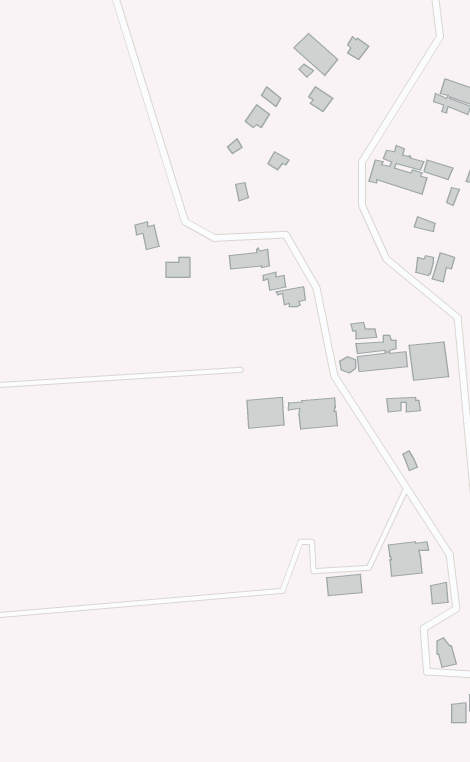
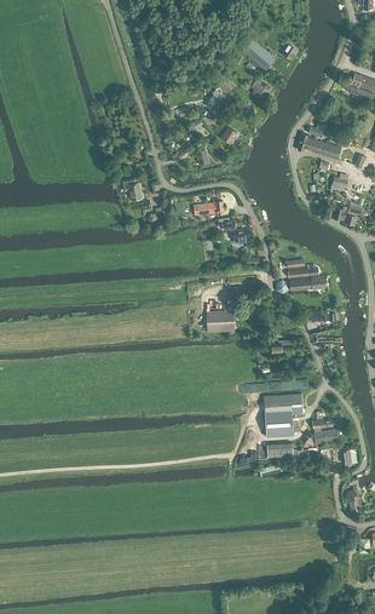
building: [409,342,448,380] -> none
building: [289,398,337,429] -> none
building: none -> [264,392,304,436]

